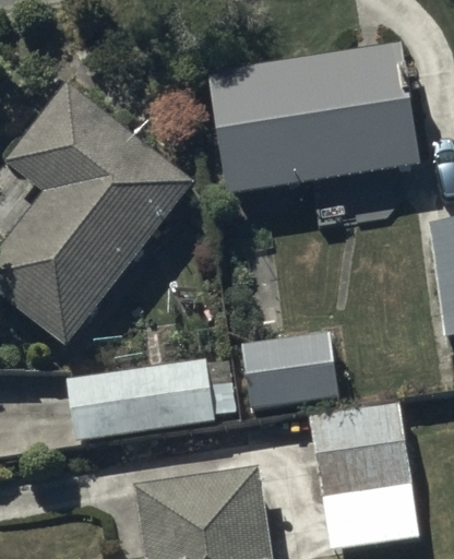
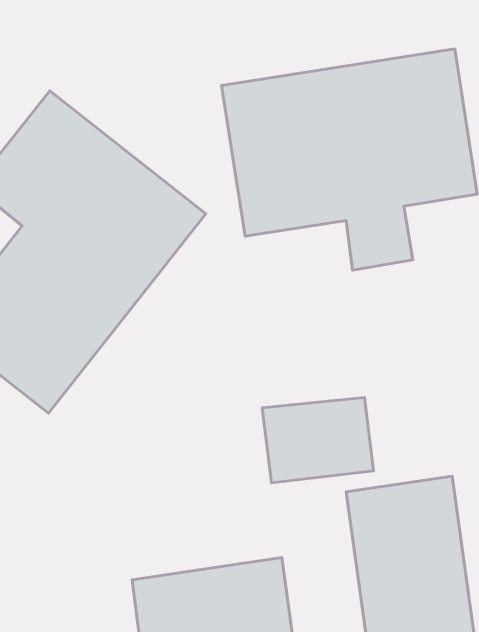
building: [69,358,235,440] -> none

